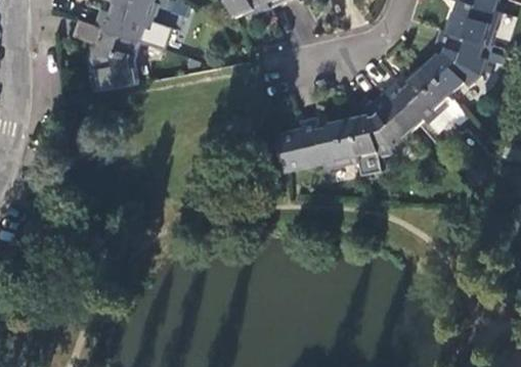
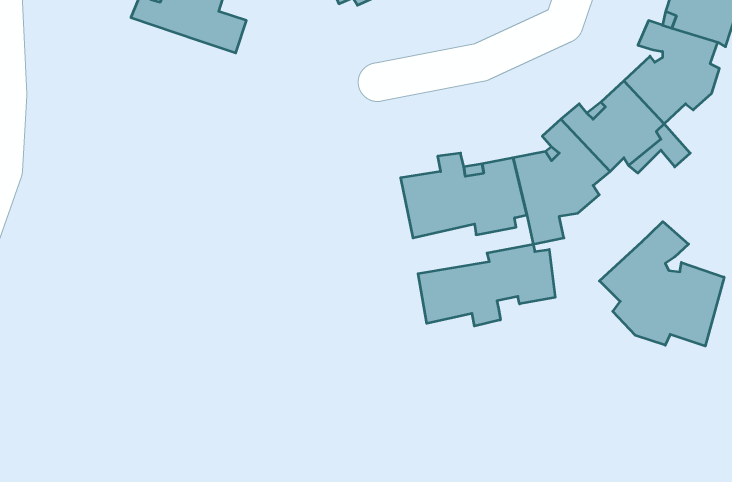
building: [74,19,140,90] -> none
building: none -> [599,222,724,346]
building: none -> [418,244,555,326]

